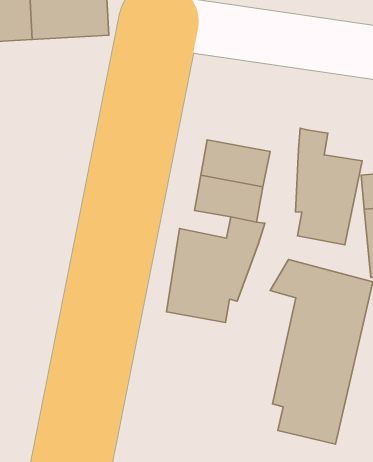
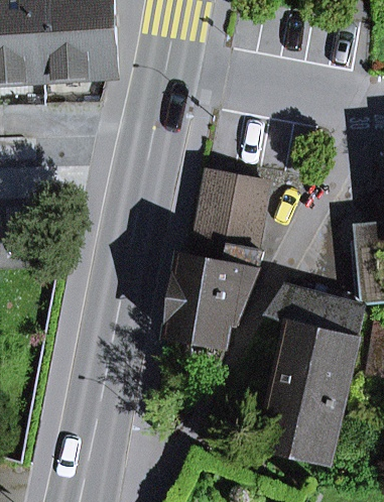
building: [296,128,362,245] -> none

